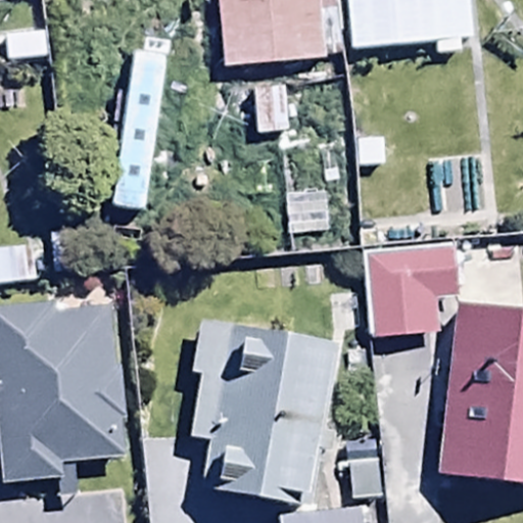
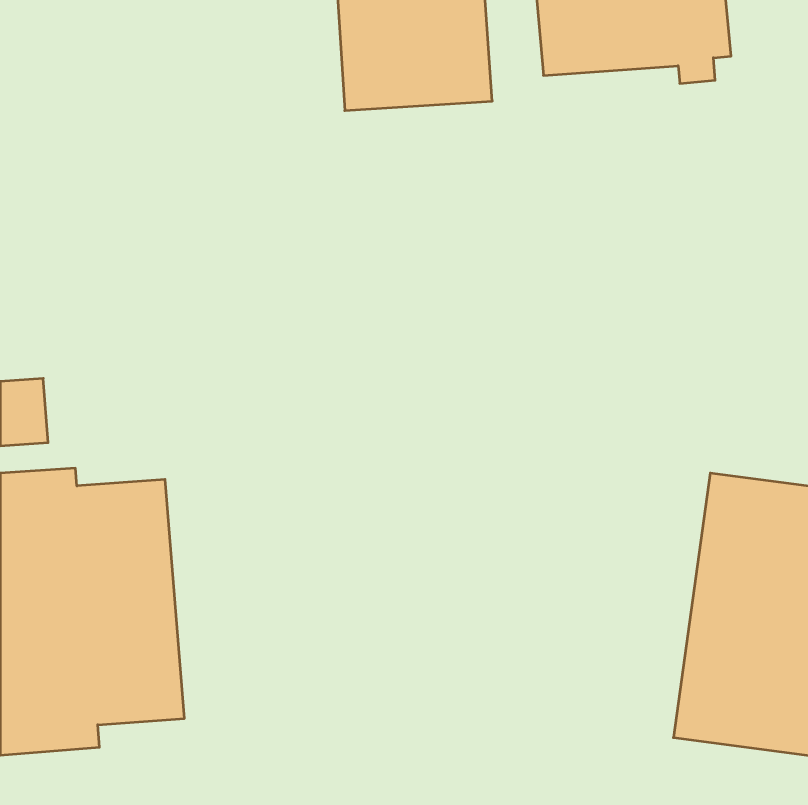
building: [365,244,458,336] -> none
building: [191,316,335,503] -> none

